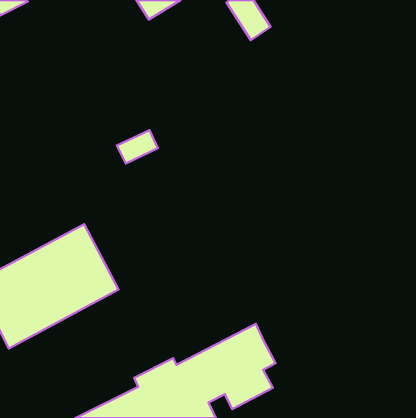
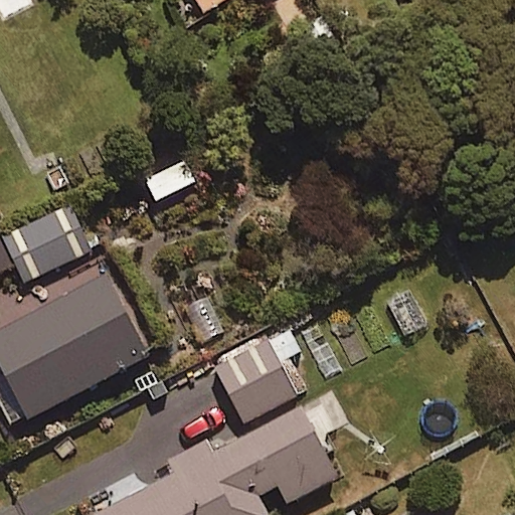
building: none -> [4,207,98,282]
building: none -> [213,325,300,422]

